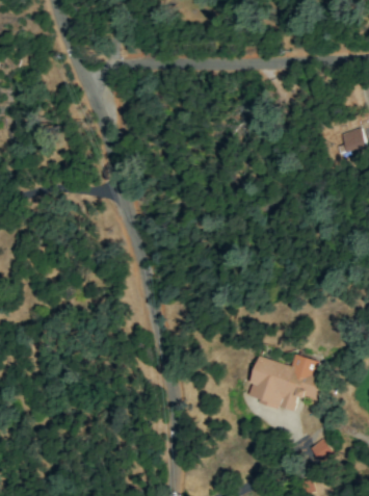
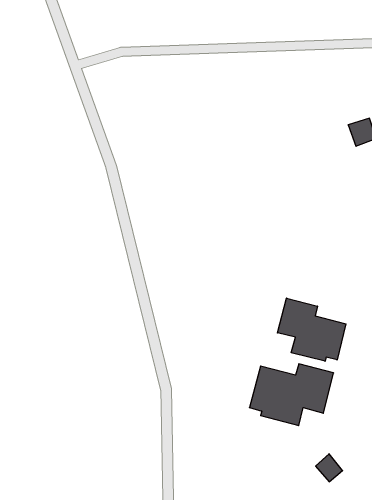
building: none -> [277,298,346,361]

